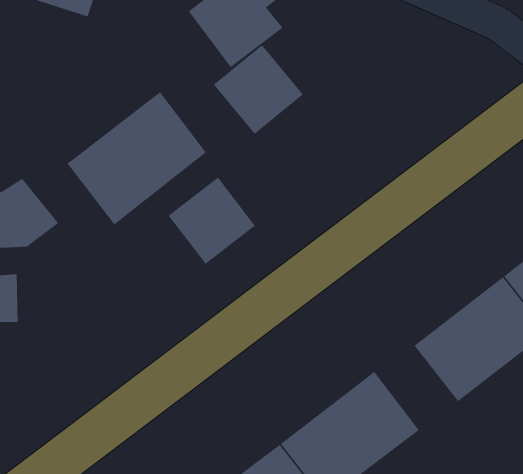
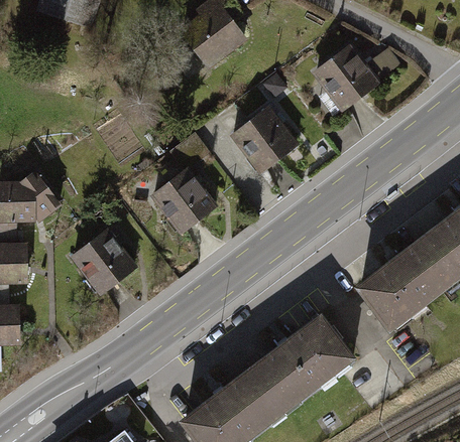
building: none -> [308,43,399,113]
building: [213,44,304,135] -> [230,105,303,177]
building: [66,91,207,225] -> none
building: none -> [75,224,142,292]

